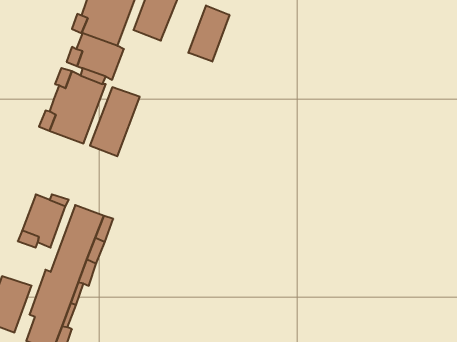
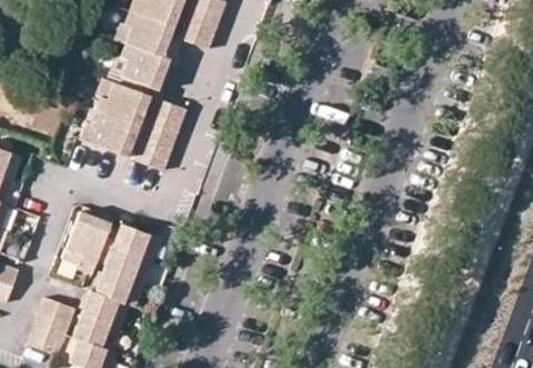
building: [188,5,229,62] -> none

